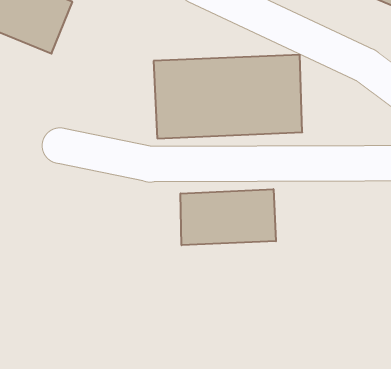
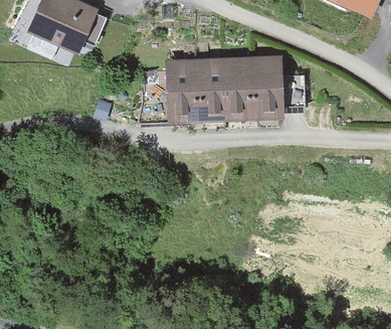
building: [181,189,276,245] -> none

